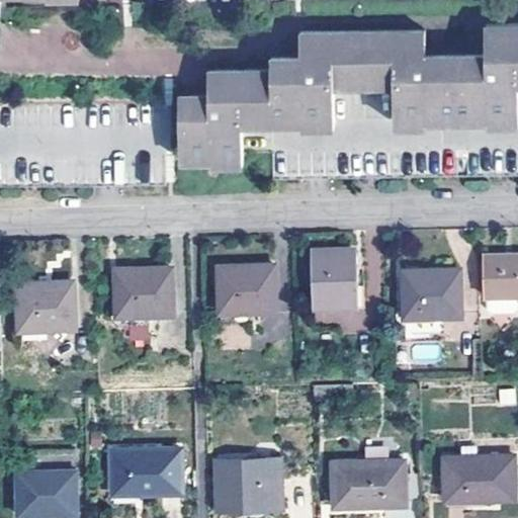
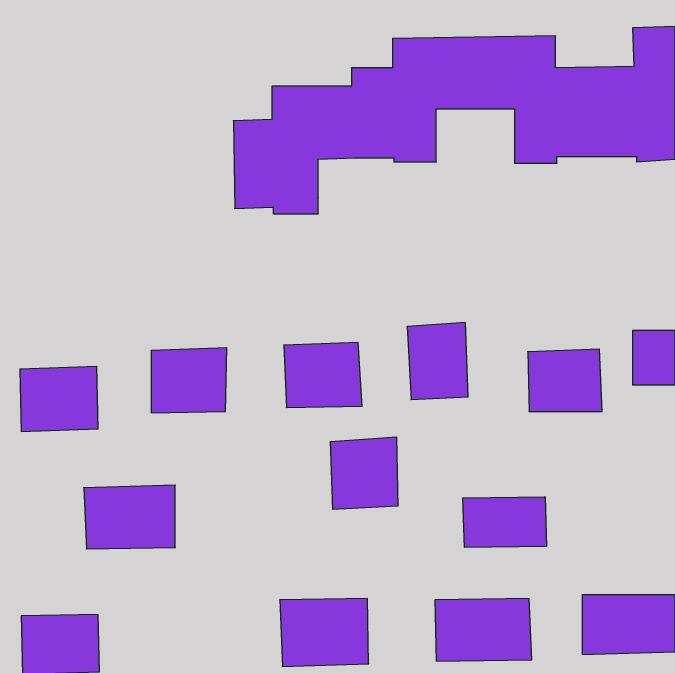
building: none -> [330,437,398,509]
building: none -> [463,497,547,547]
building: [112,447,182,496] -> [84,485,175,549]

